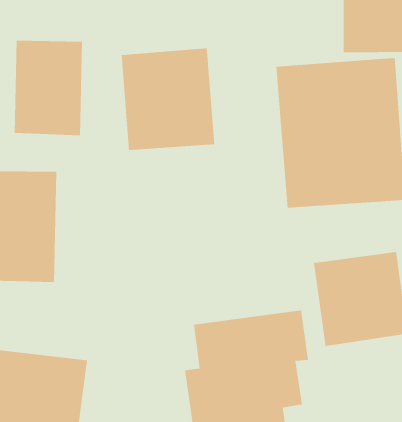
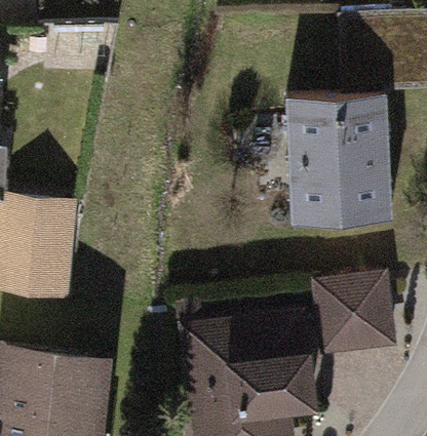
building: [14,40,82,136] -> none
building: [121,48,215,151] -> none

